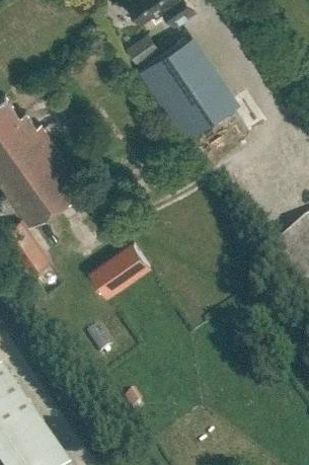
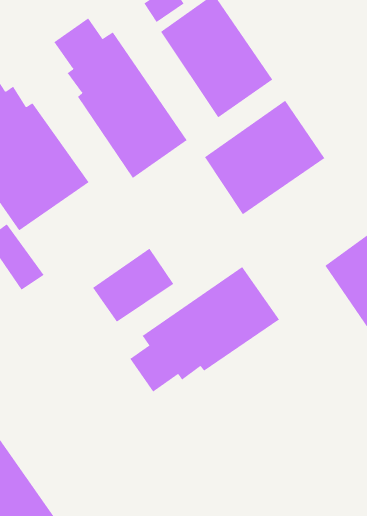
building: none -> [54,17,188,179]
building: none -> [204,100,325,215]
building: none -> [129,266,280,393]

